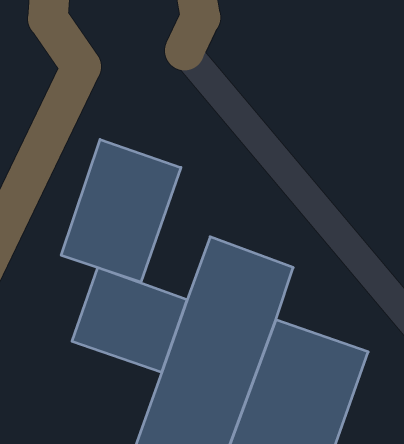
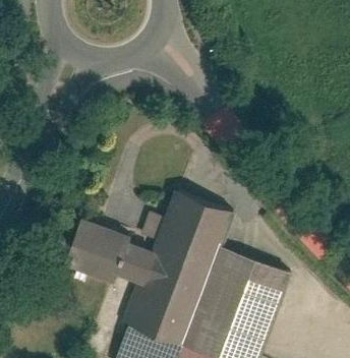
building: [61,139,181,282] -> none

